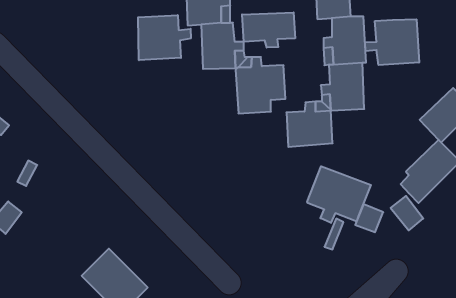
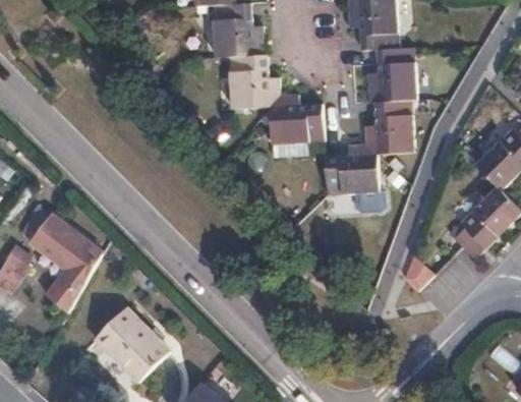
building: [242,12,295,48] -> none
building: [138,15,191,60] -> none
building: [365,19,419,65] -> none
building: [307,166,371,223] -> none
building: none -> [33,218,101,314]

